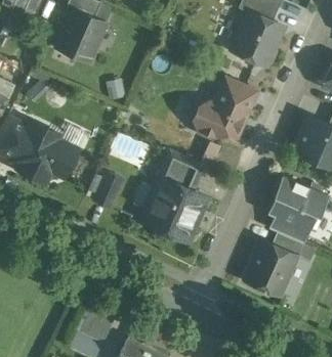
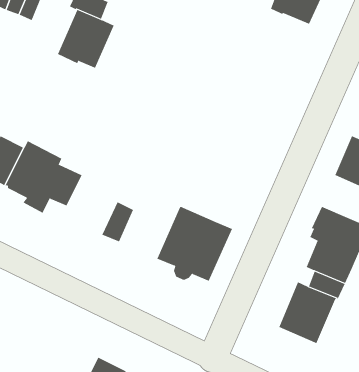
building: [235,12,283,64] -> none
building: [196,77,258,138] -> none
building: [160,151,205,190] -> none

